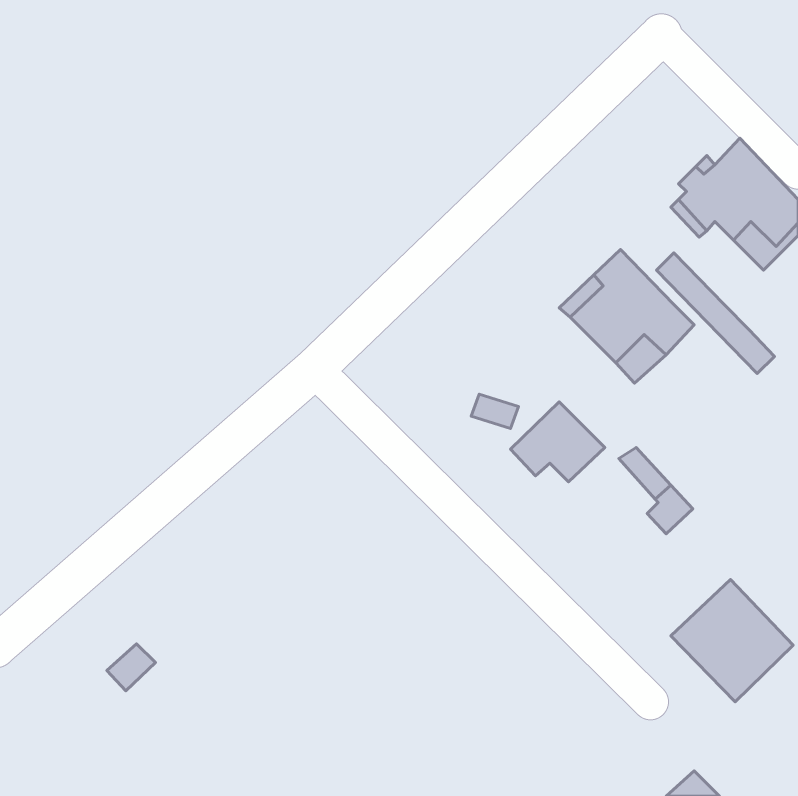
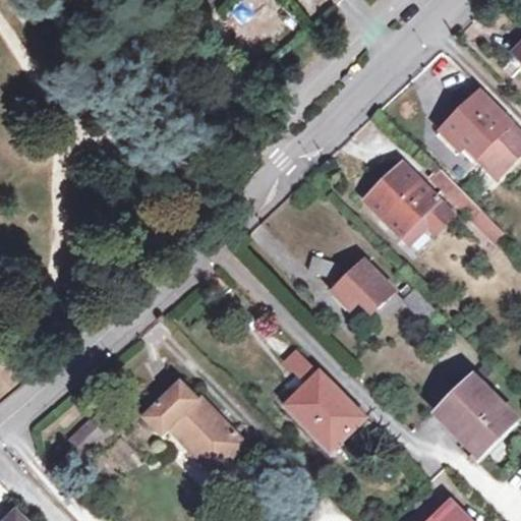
building: none -> [284,348,363,449]
building: none -> [142,382,244,471]

